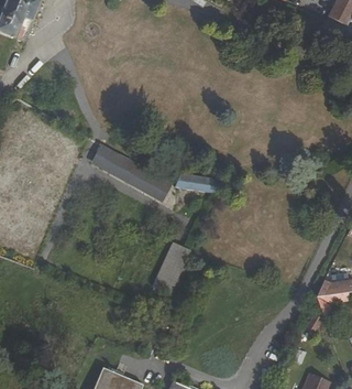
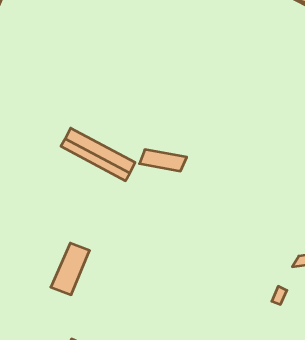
building: [152,242,191,295] -> [51,243,90,295]

